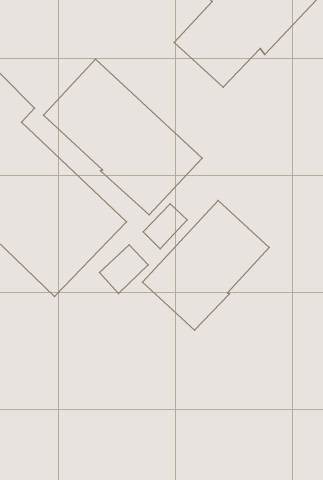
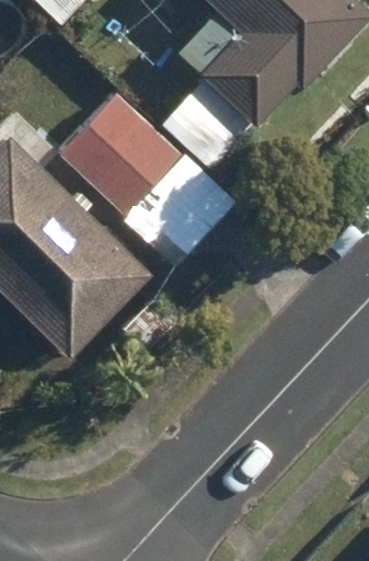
building: [143,201,269,330] -> none

